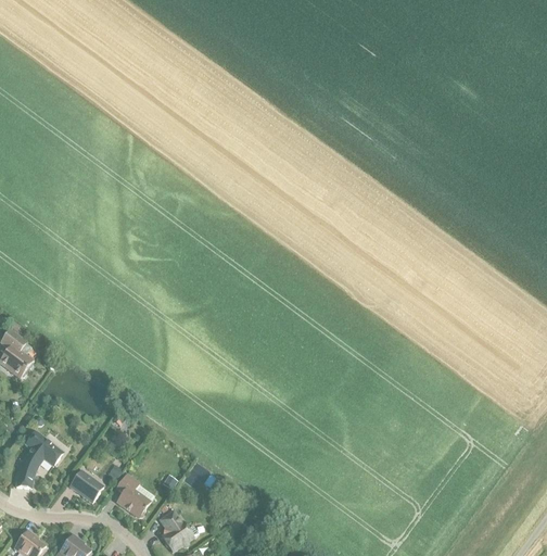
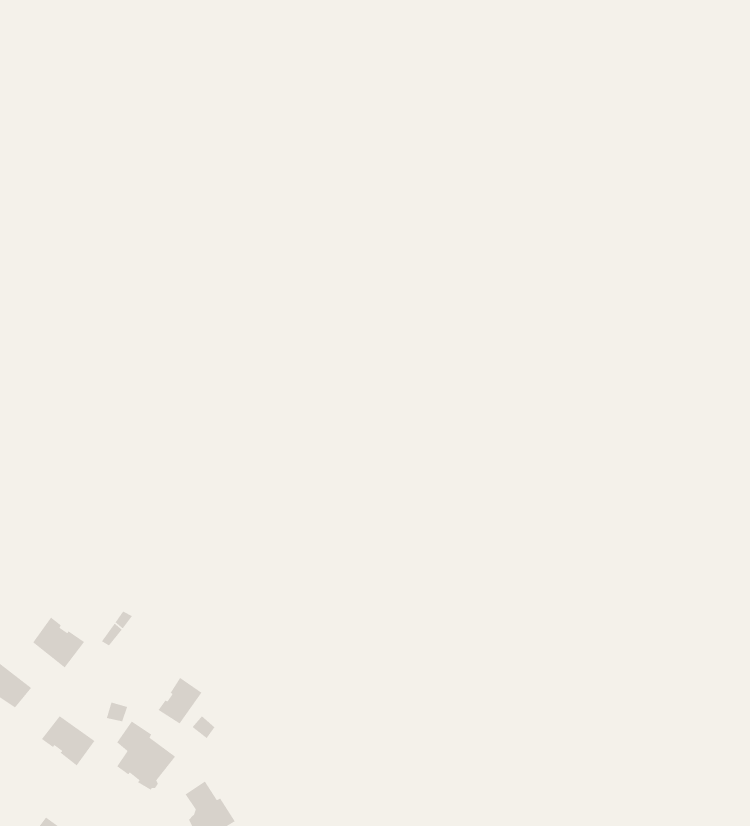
building: none -> [32,617,85,668]
building: none -> [158,677,203,724]

